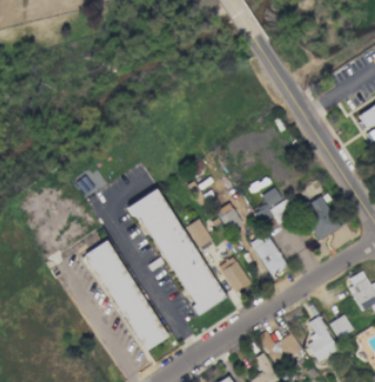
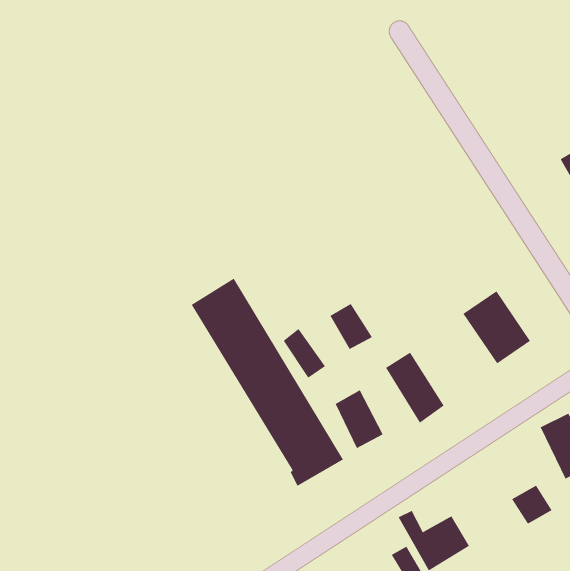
building: [254,187,294,222] -> none
building: [84,239,168,351] -> none
building: [307,314,337,361] -> none

